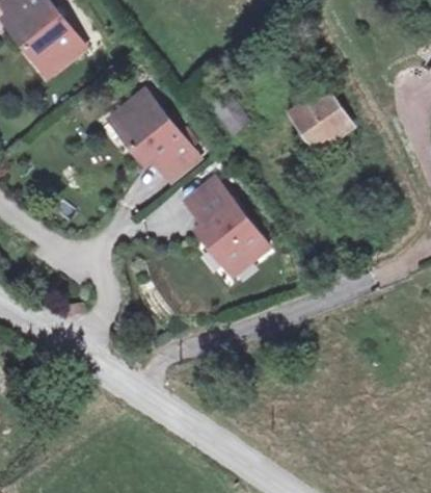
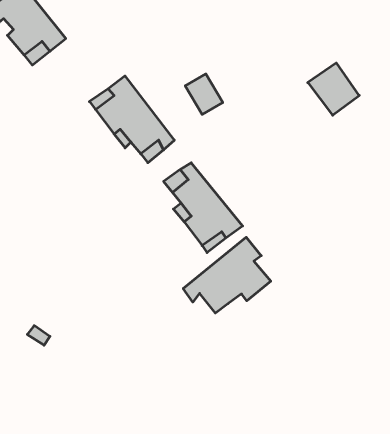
building: [290,96,344,151] -> [308,63,359,115]
building: none -> [183,237,271,313]

